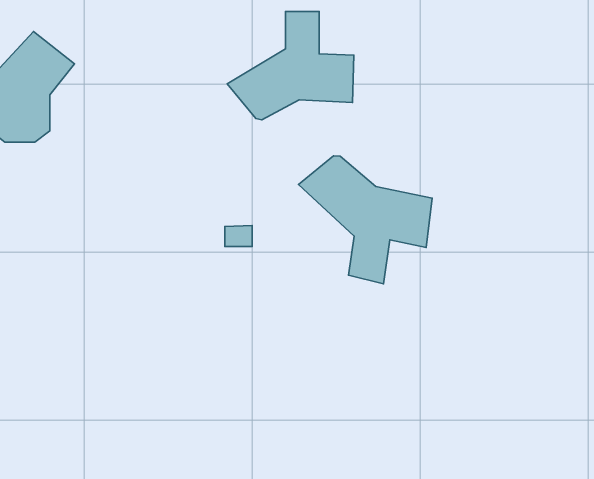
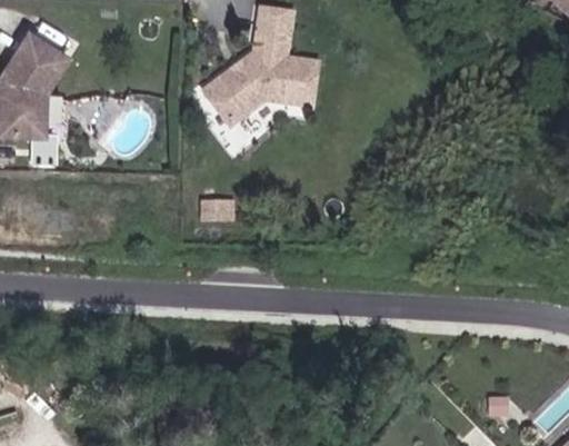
building: [298,156,432,284] -> none

